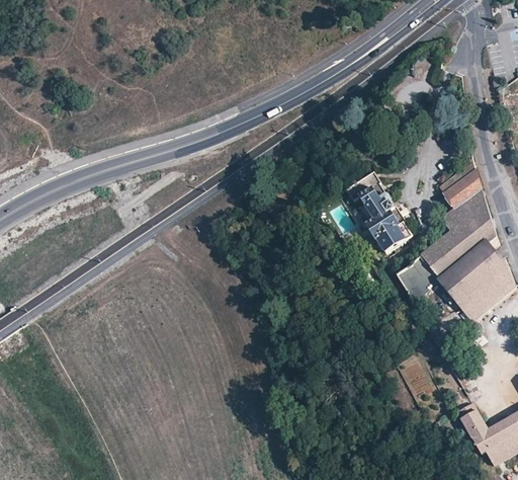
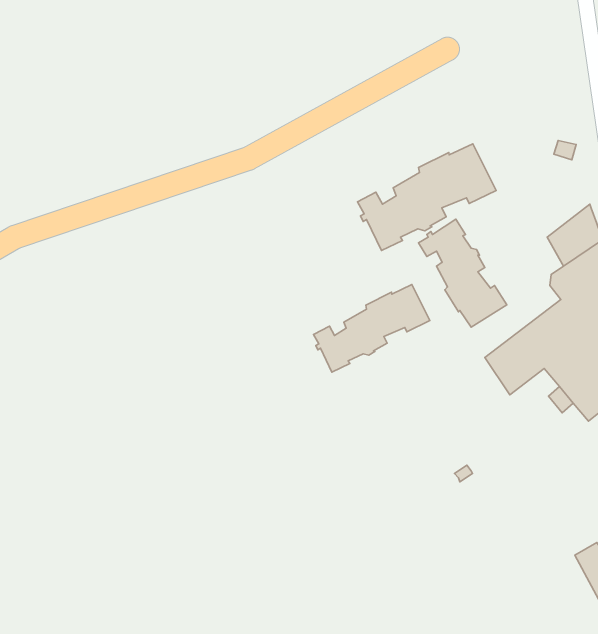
building: none -> [357,144,496,251]
building: none -> [314,285,430,372]

